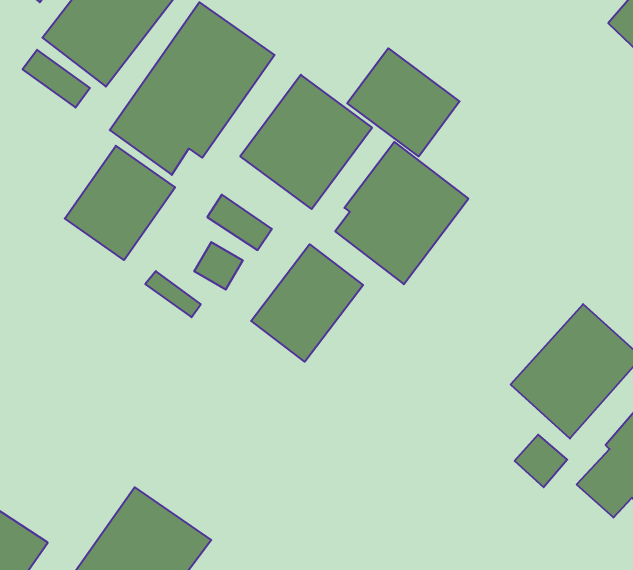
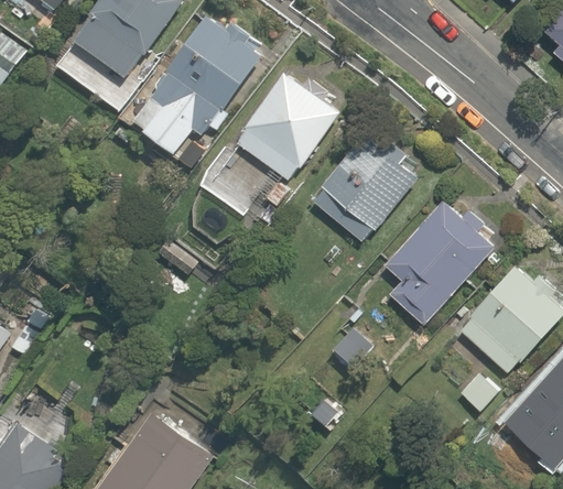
building: [347,48,460,156] -> none
building: [65,146,175,260] -> none
building: none -> [385,193,499,327]
building: [251,244,363,362] -> none

